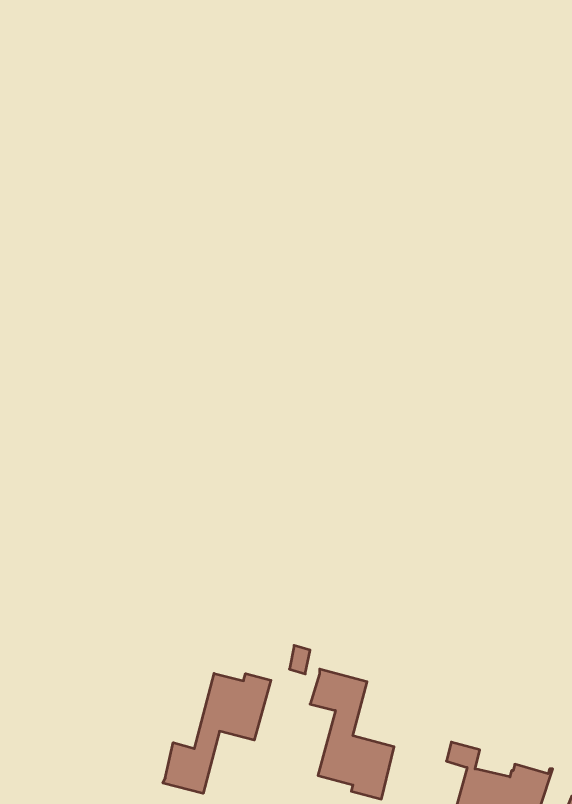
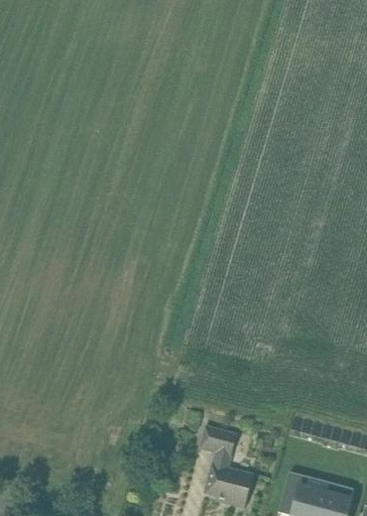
building: [163,673,271,793] -> none

